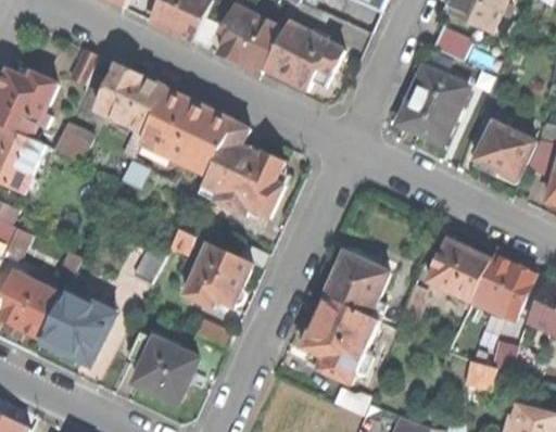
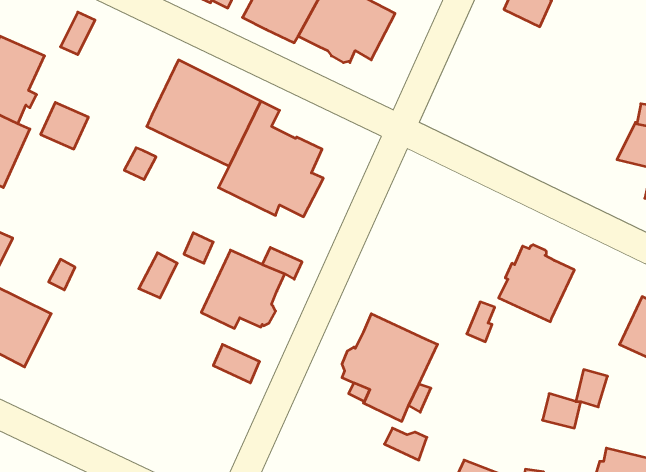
building: [96,64,166,132] -> none
building: [399,67,466,142] -> none
building: [473,123,534,179] -> none
building: [324,252,388,316] -> none
building: [471,255,533,319] -> none
building: [40,291,113,363] -> none
building: [127,331,198,402] -> none

